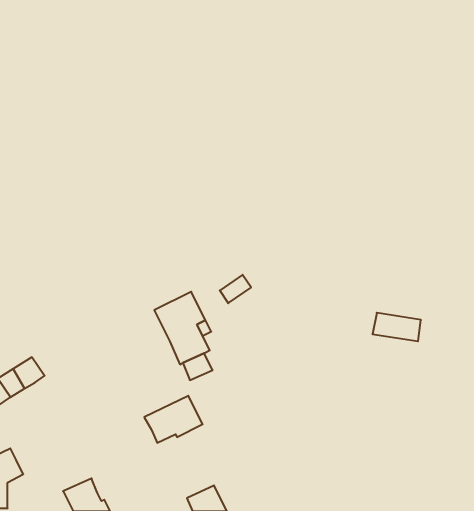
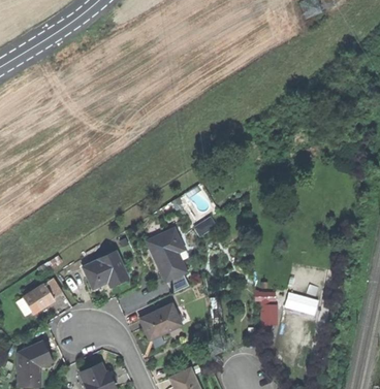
building: [372,313,421,341] -> [284,292,319,313]
building: none -> [84,253,127,289]
building: none -> [262,292,280,324]

